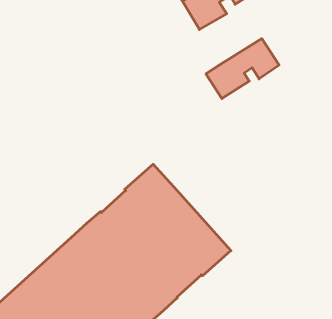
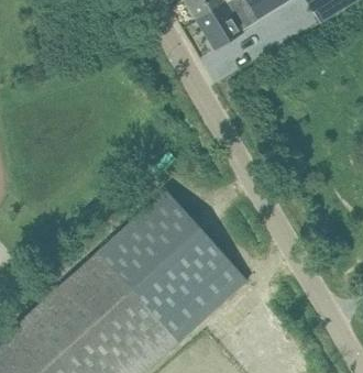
building: [206,39,279,99] -> none

